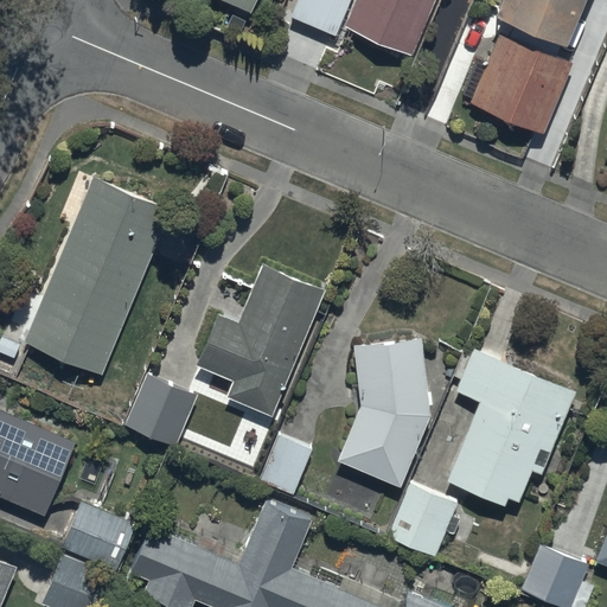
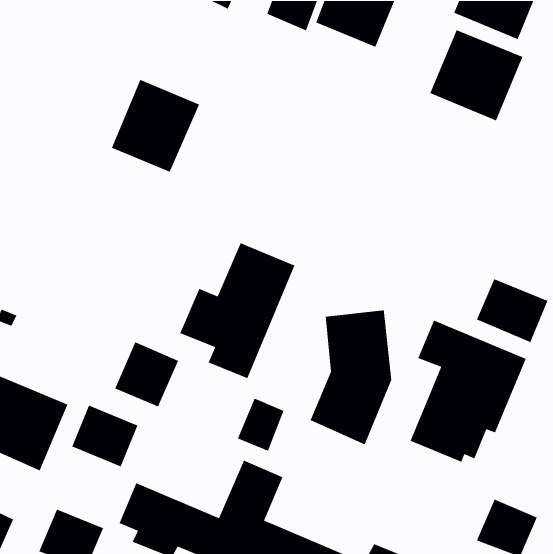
building: none -> [111,79,200,173]
building: [24,178,170,373] -> none
building: none -> [476,278,548,343]
building: [388,484,456,556] -> none
building: [62,501,135,570] -> [71,405,139,468]

